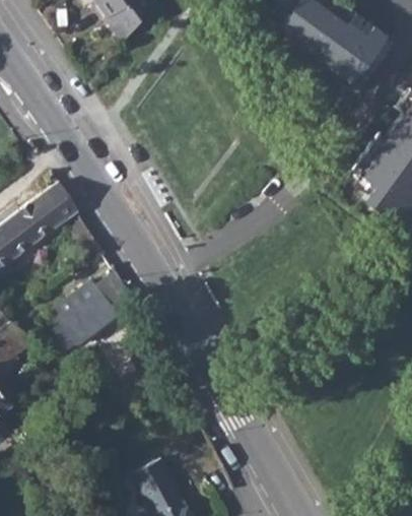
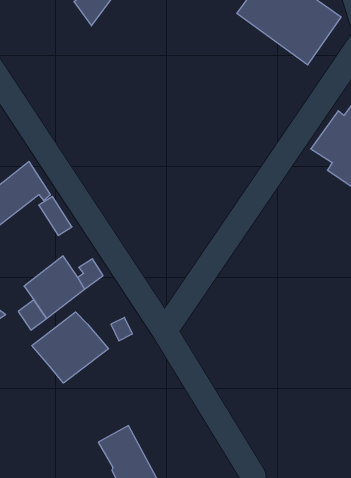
building: none -> [32,312,109,383]

